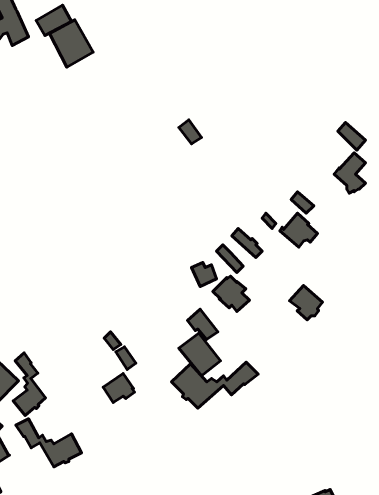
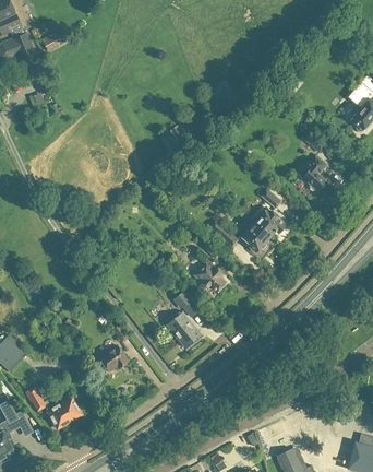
building: [49,20,93,67] -> none
building: [290,286,322,320] -> [240,223,268,252]
building: [13,353,46,416] -> none
building: [171,362,258,408] -> none

